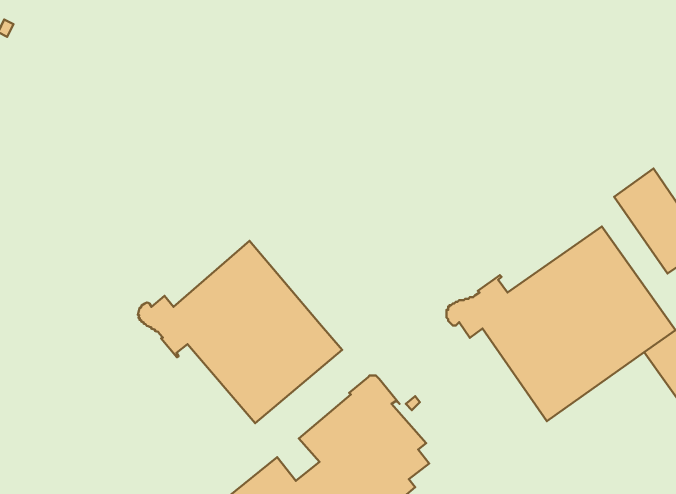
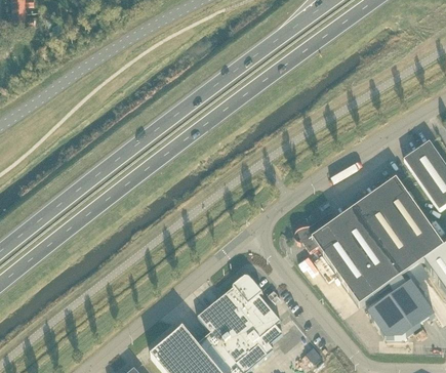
building: [138,241,342,423] -> none
building: none -> [368,280,435,336]

